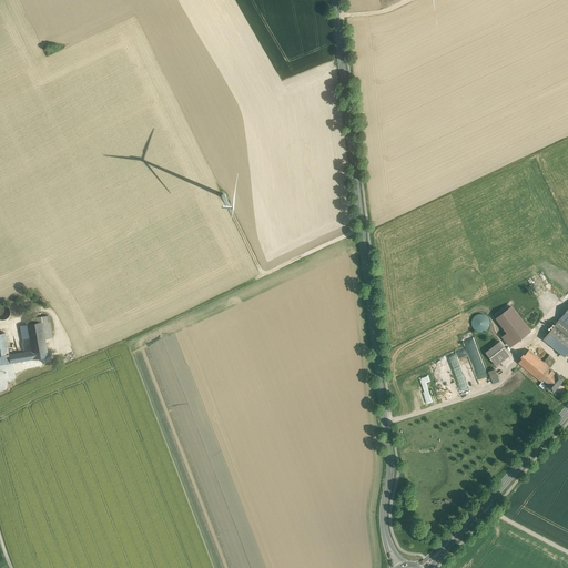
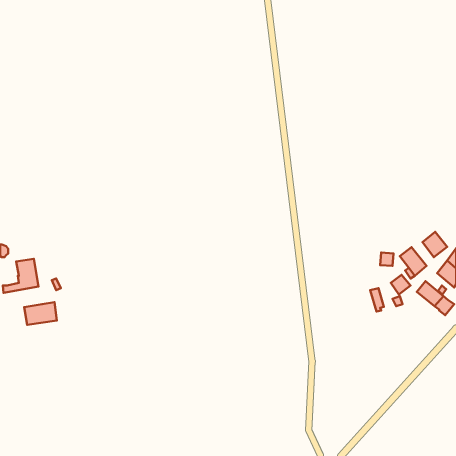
building: none -> [423,232,447,257]
building: none -> [24,302,57,325]

